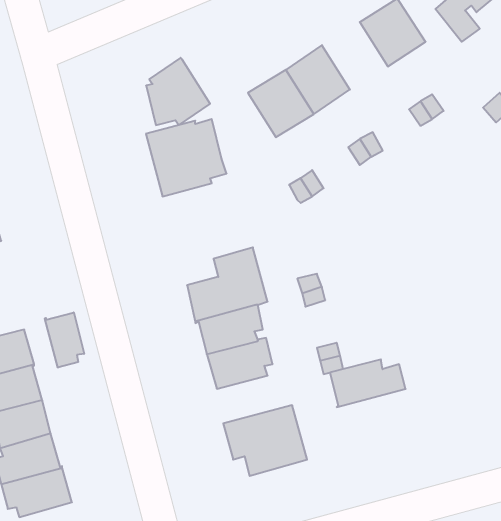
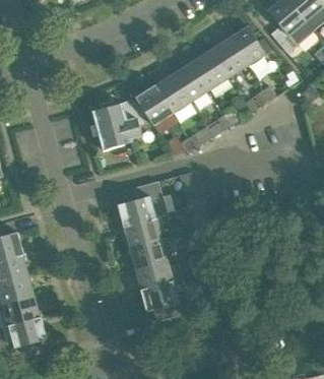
building: none -> [200,42,241,83]
building: [146,58,210,125] -> [132,84,172,126]
building: [45,312,84,368] -> none
building: [330,359,406,407] -> [135,260,182,290]

